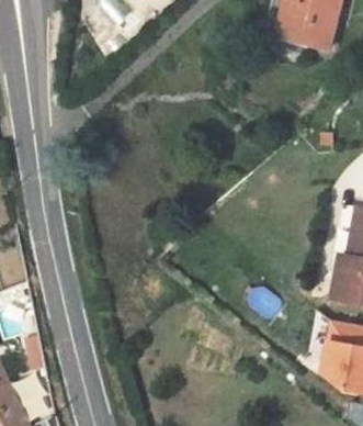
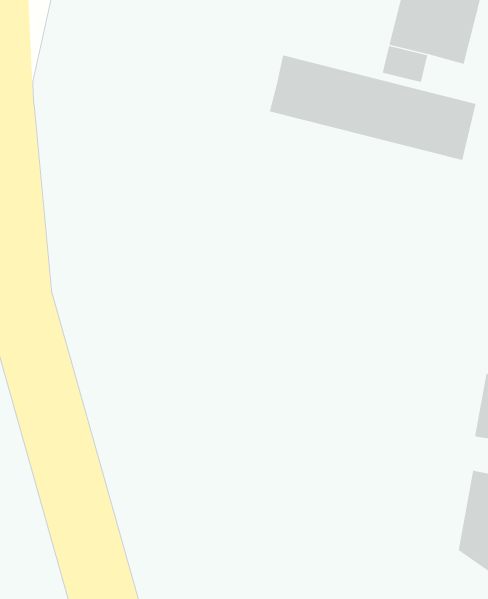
building: none -> [269,54,477,161]

